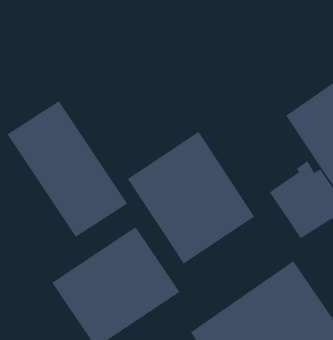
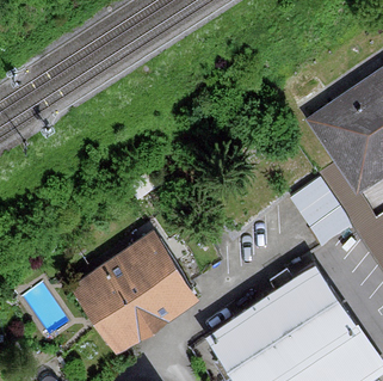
building: [7,100,128,238] -> none
building: [127,131,255,265] -> none

